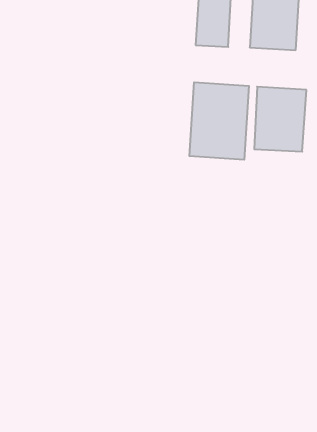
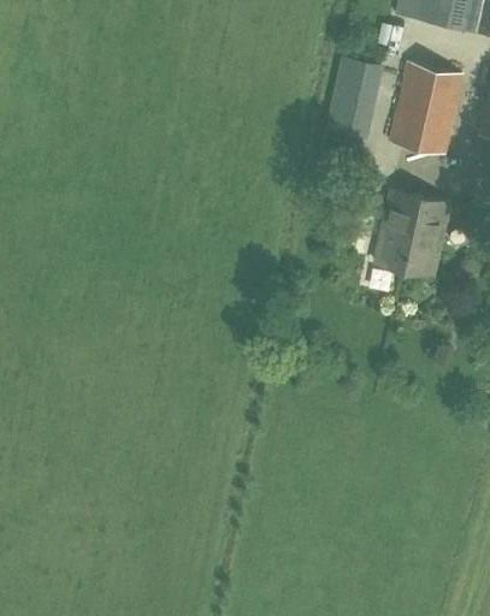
building: [189,82,249,160] -> none

